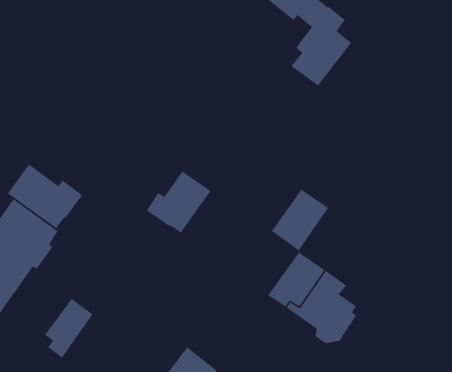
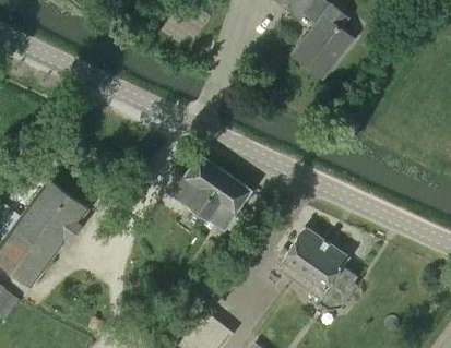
building: [7,164,83,229] -> none
building: [271,189,329,252] -> [199,172,251,229]
building: [44,298,94,359] -> none

